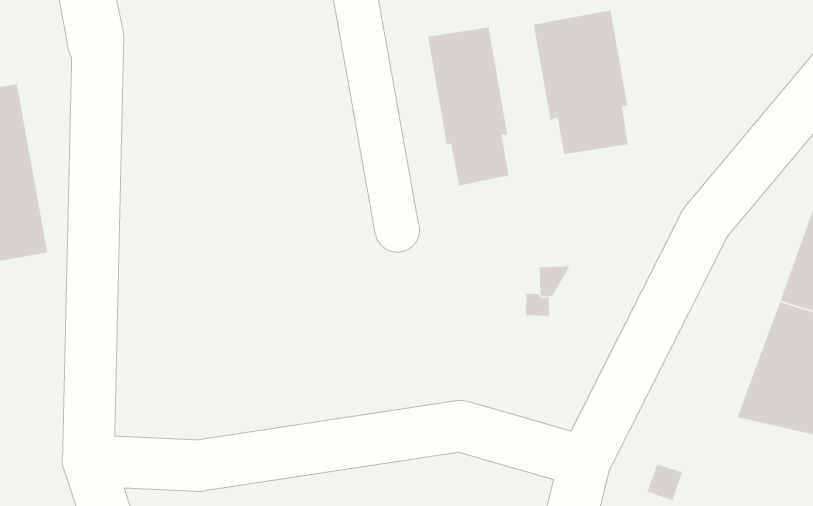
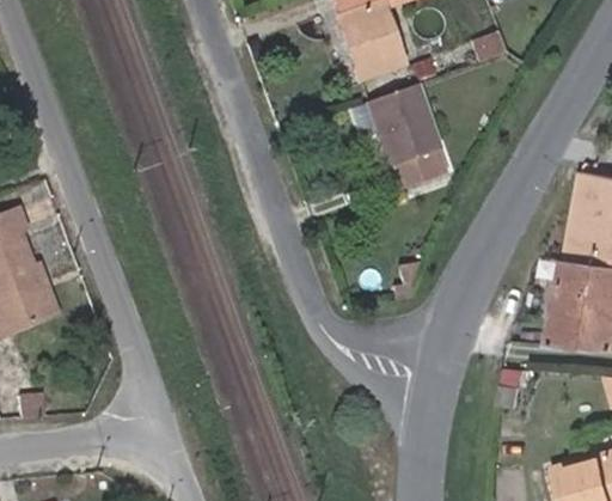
building: [427,26,509,187] -> none

